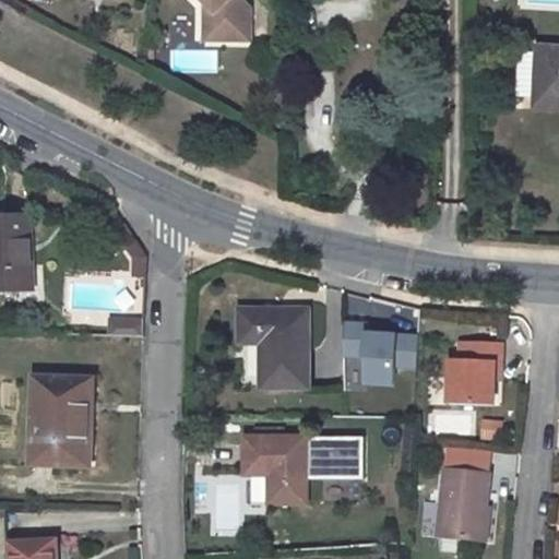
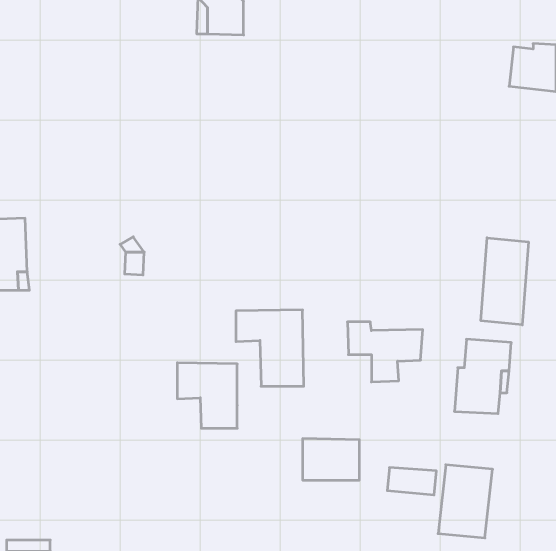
building: none -> [481,238,528,325]
building: [29,373,88,462] -> none
building: [242,438,302,503] -> [177,363,237,428]
building: [445,442,495,469] -> [387,468,436,495]

